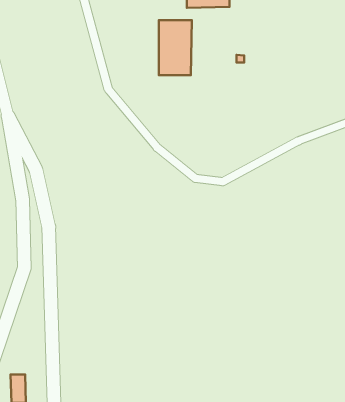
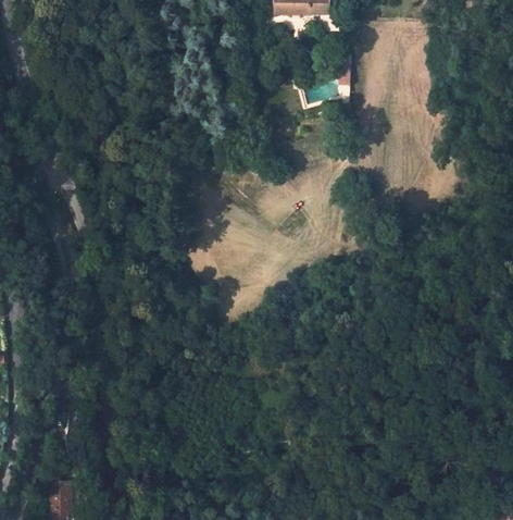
building: [159,20,192,75] -> none

